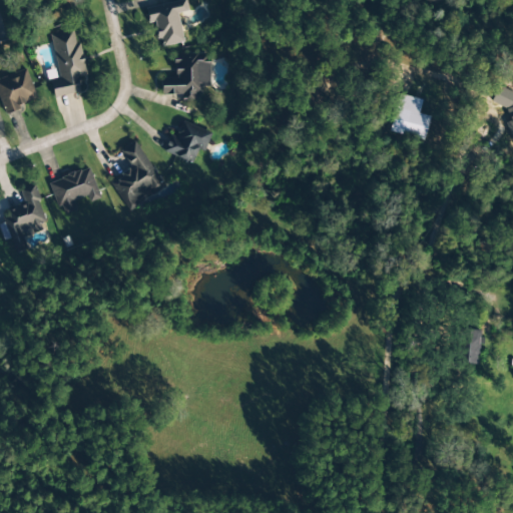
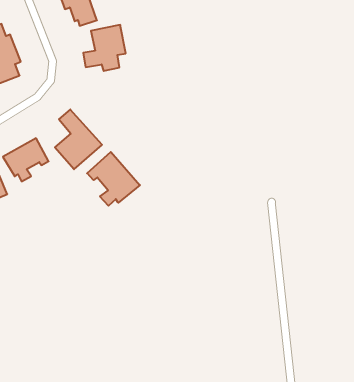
building: [392,93,432,139] -> none
building: [166,118,213,162] -> none
building: none -> [87,152,140,206]

